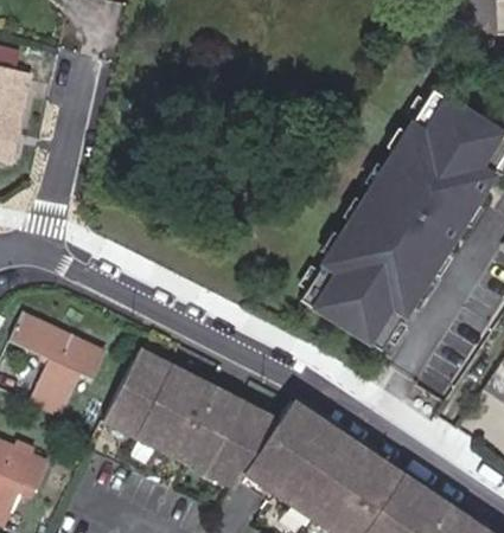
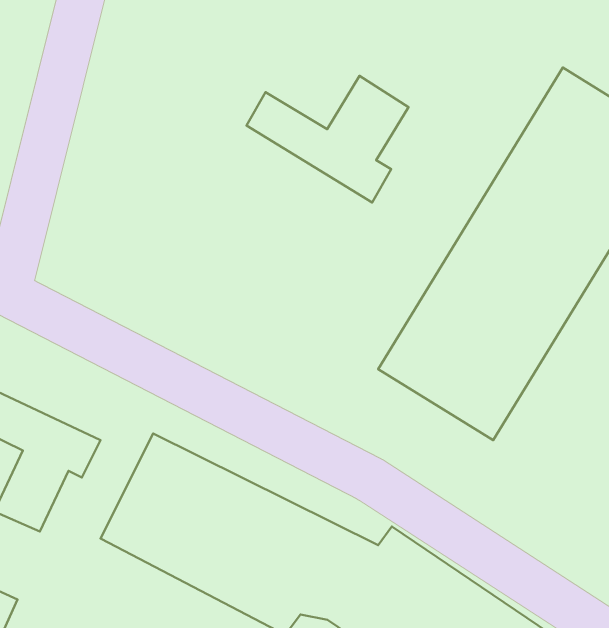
building: none -> [246,76,409,203]

